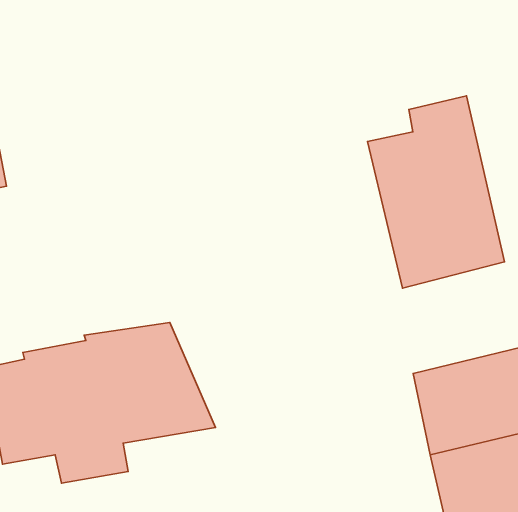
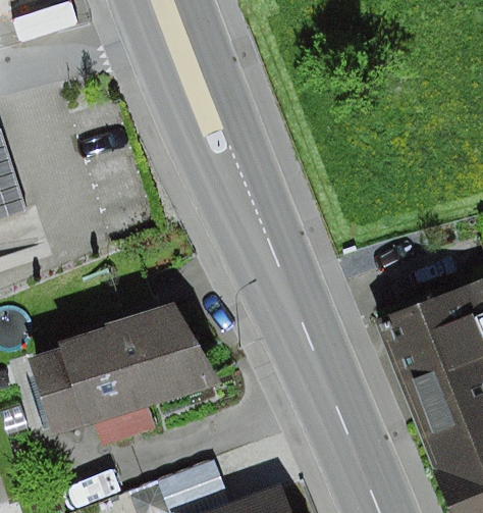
building: [368,96,505,288] -> none

